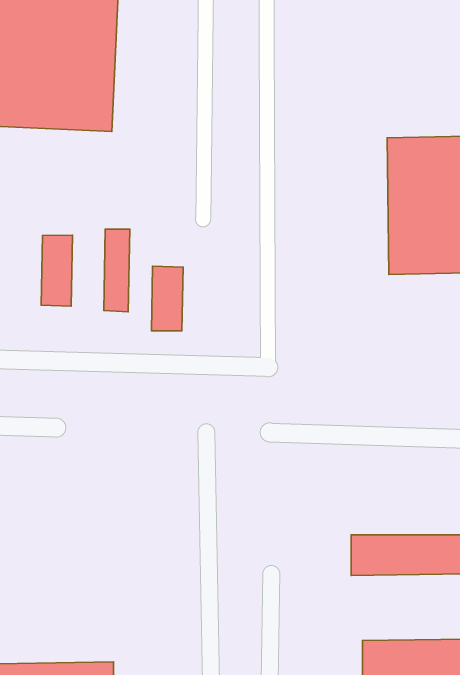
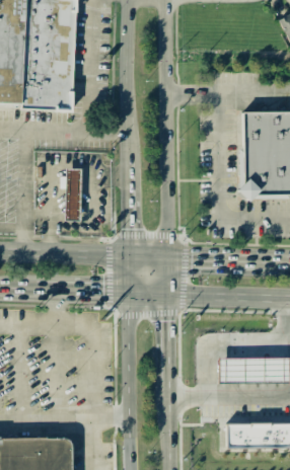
building: [41,235,73,306] -> none
building: [151,266,183,331] -> none

